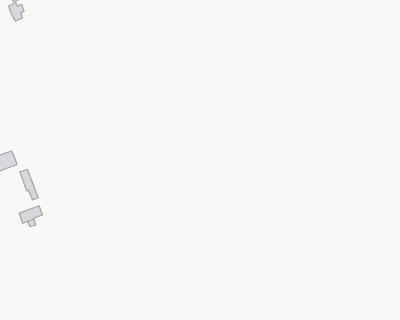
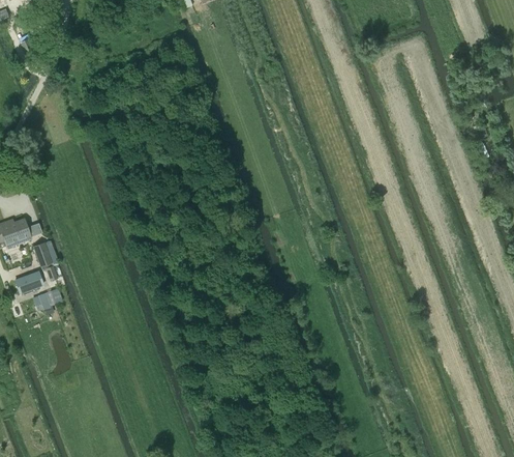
building: none -> [13,269,43,293]

